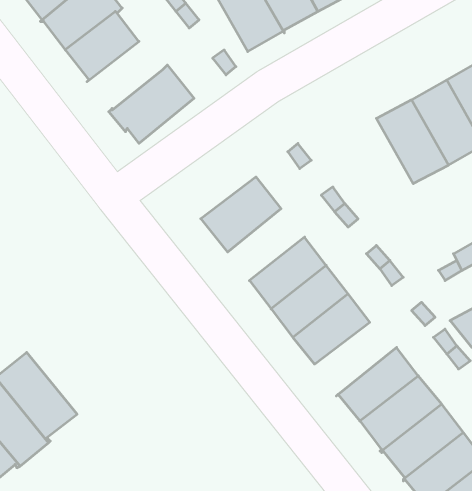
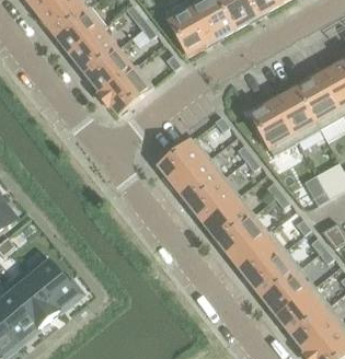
building: none -> [83,49,133,94]
building: none -> [250,100,297,155]
building: none -> [175,159,226,206]
building: none -> [232,231,286,281]

